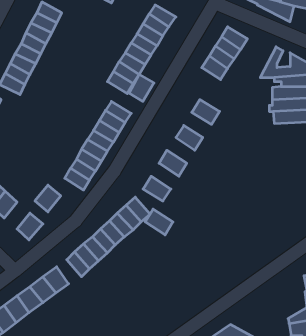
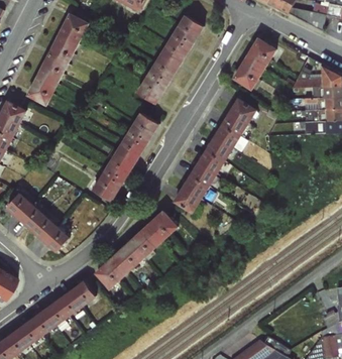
building: [129,75,154,101] -> none
building: none -> [229,97,257,122]
building: none -> [213,123,241,148]
building: none -> [196,148,224,174]
building: [35,185,61,212] -> [30,214,56,241]
building: [145,209,173,235] -> [180,174,208,201]

